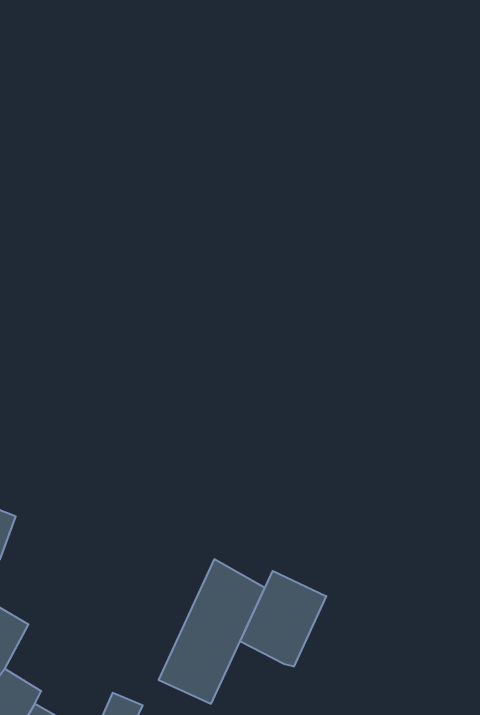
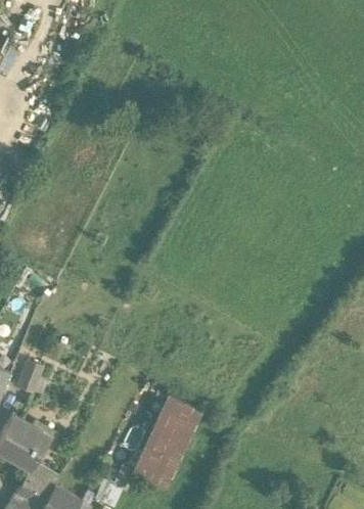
building: [240,571,326,667] -> none

